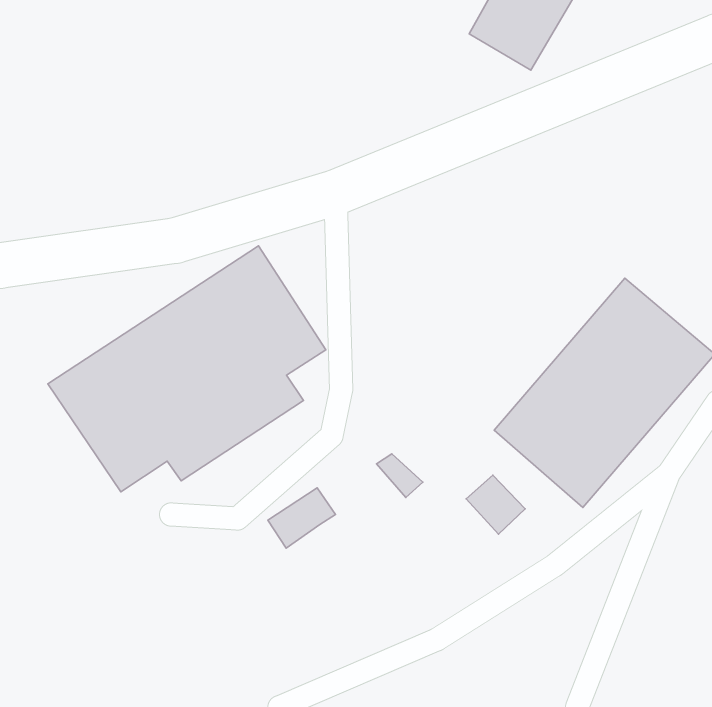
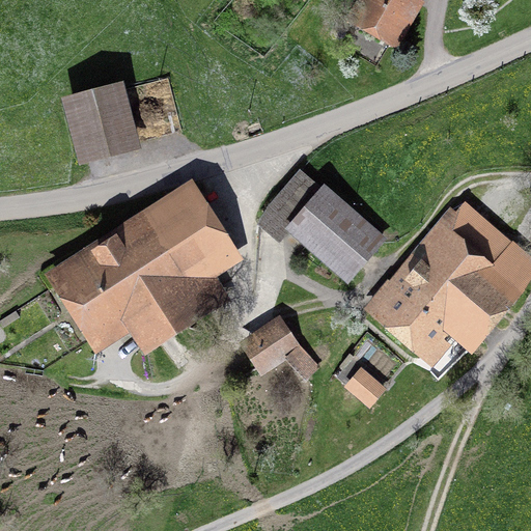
building: none -> [54,81,136,164]
building: none -> [264,162,380,272]
building: [268,488,335,548] -> [244,315,294,360]

